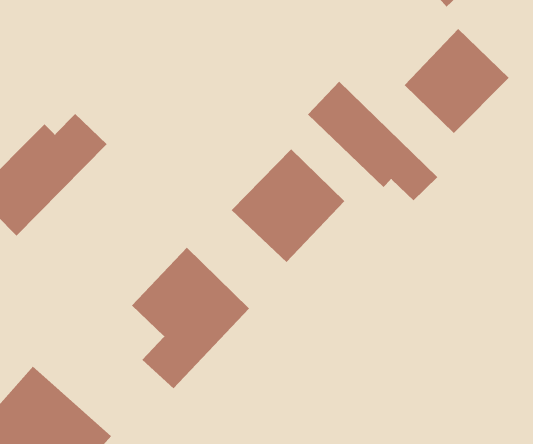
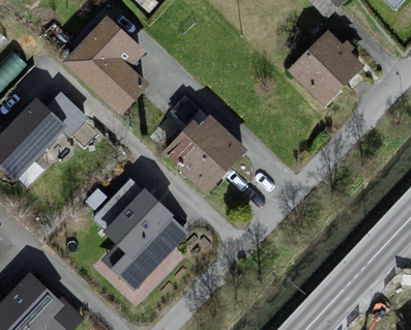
building: none -> [66,16,149,112]
building: [307,81,438,201] -> none

